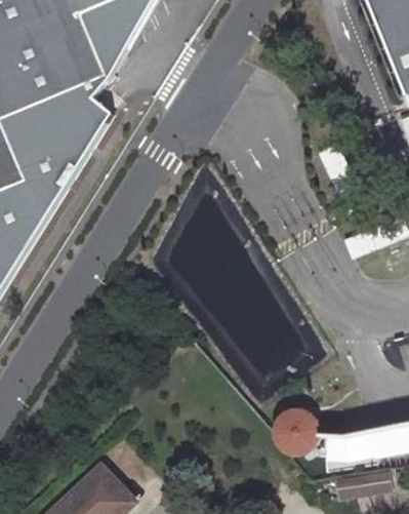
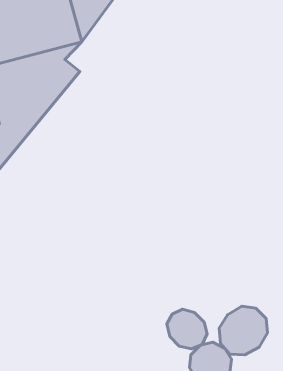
building: none -> [219,306,267,355]
building: none -> [167,309,207,349]

